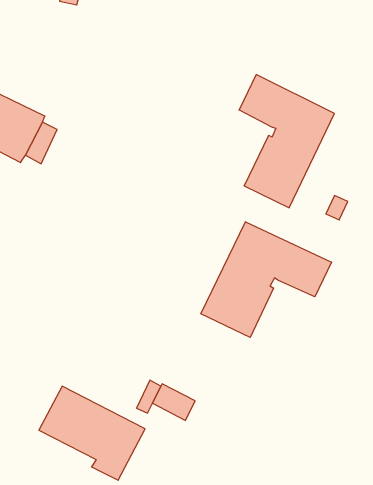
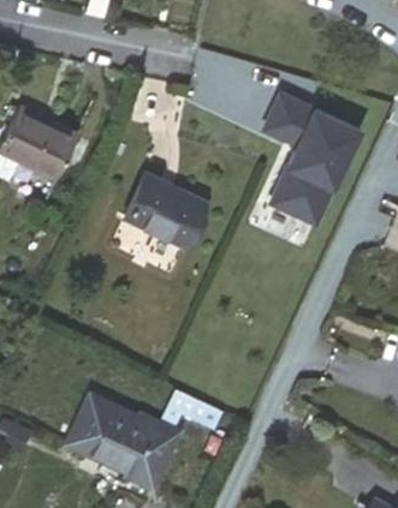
building: none -> [124,172,207,247]
building: [201,222,332,337] -> none

